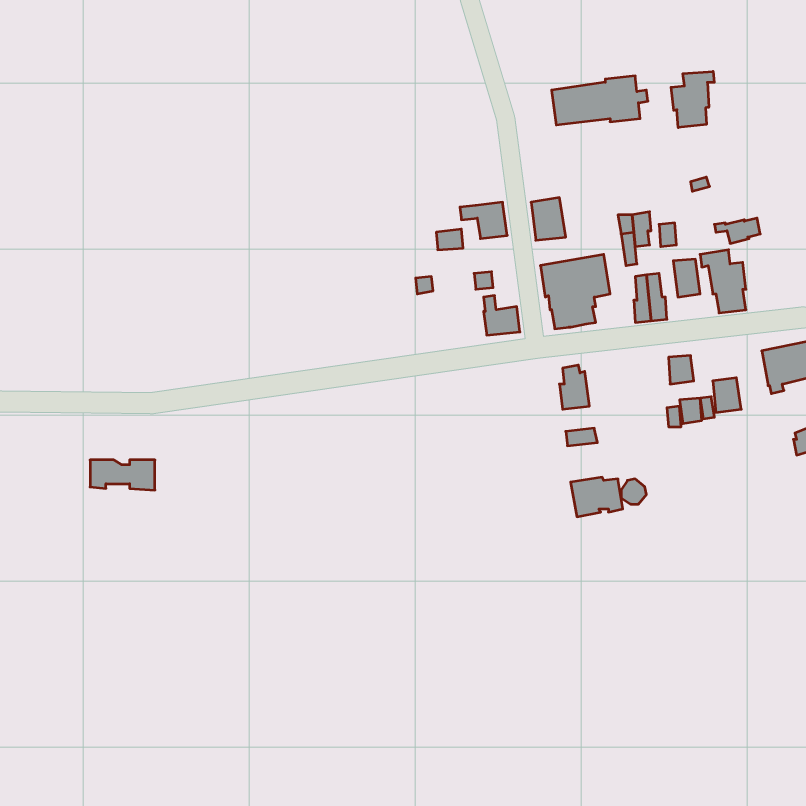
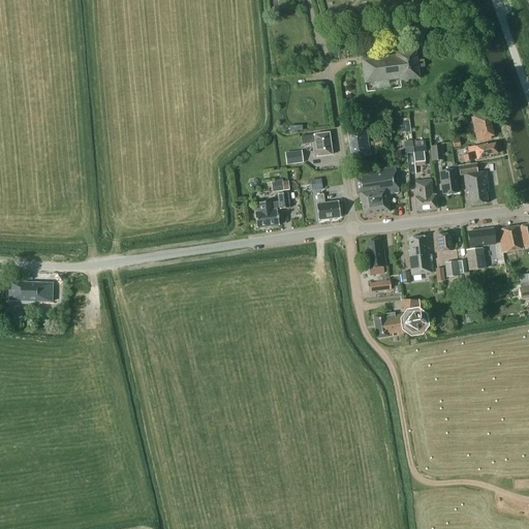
building: [671,71,714,128] -> none
building: none -> [472,114,494,142]
building: none -> [255,192,290,227]
building: none -> [469,228,496,247]
building: none -> [409,236,434,274]
building: [90,460,155,490] -> [10,281,53,301]

